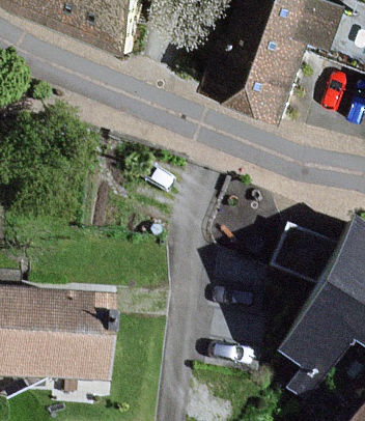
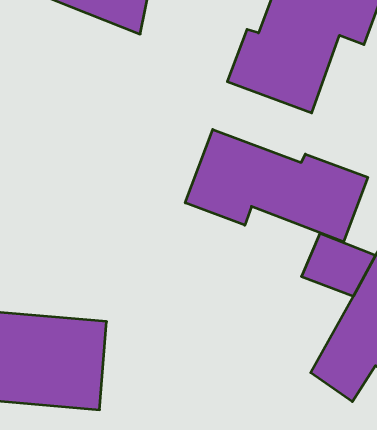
building: none -> [185,129,368,242]

